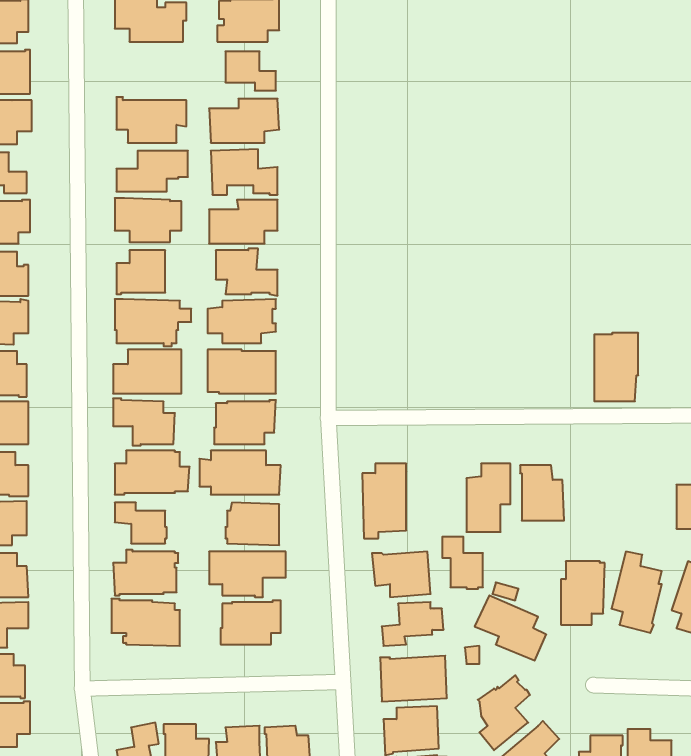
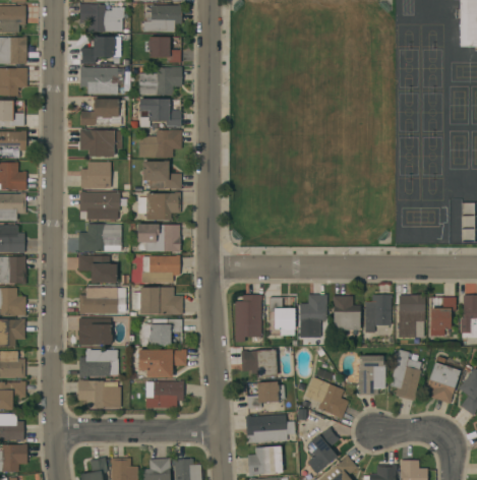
building: none -> [80,36,120,64]
building: [594,333,638,401] -> [398,295,425,338]
building: none -> [364,295,392,333]
building: [442,537,483,589] -> [269,298,294,331]

